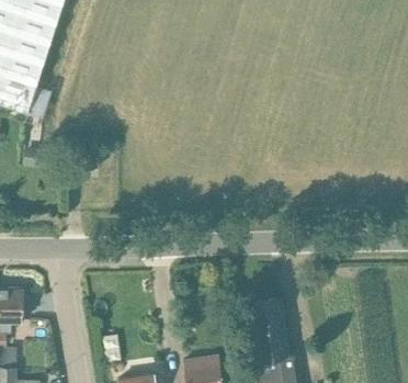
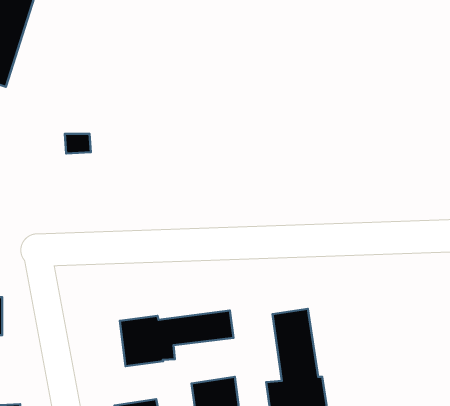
building: none -> [120,310,233,366]

